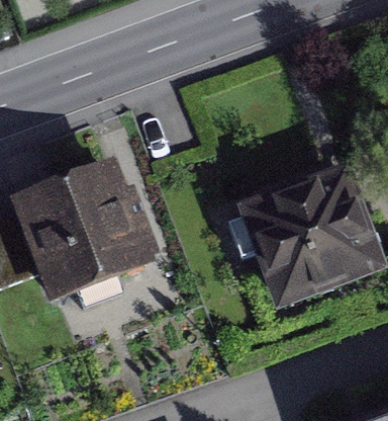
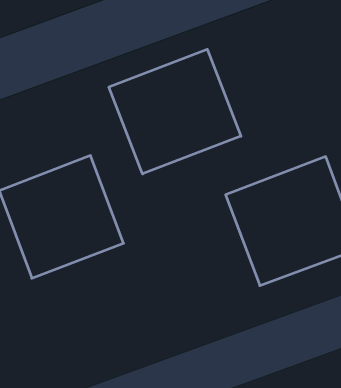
building: none -> [109,49,241,174]

